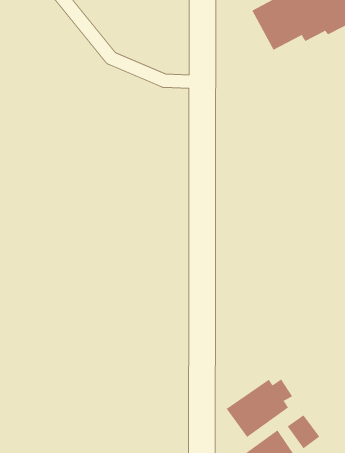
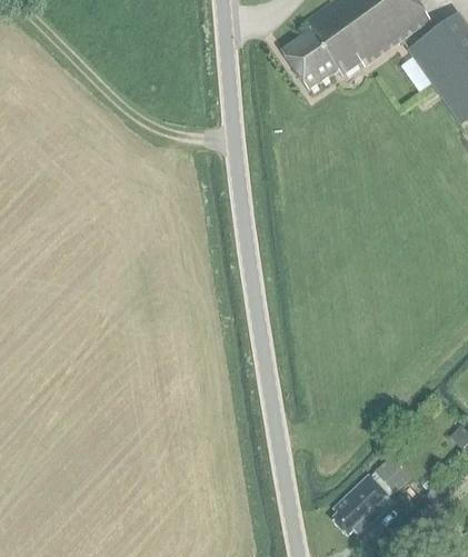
building: [226,379,293,438] -> none

